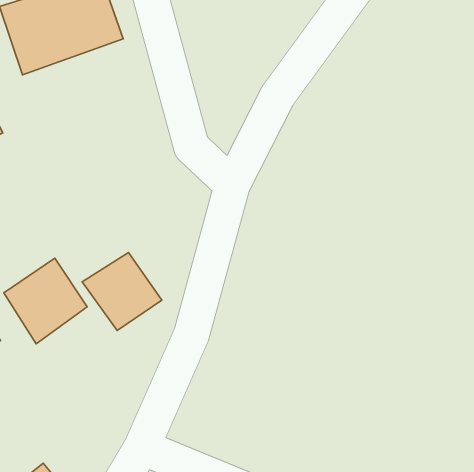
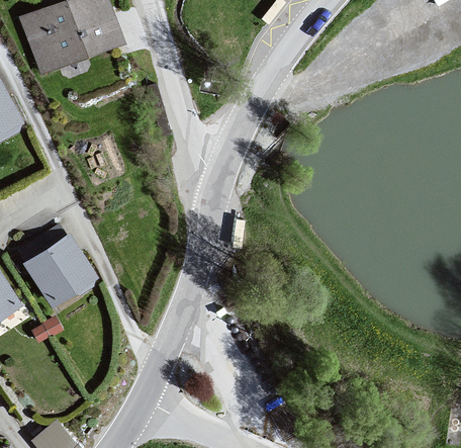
building: [82,252,162,331] -> none

